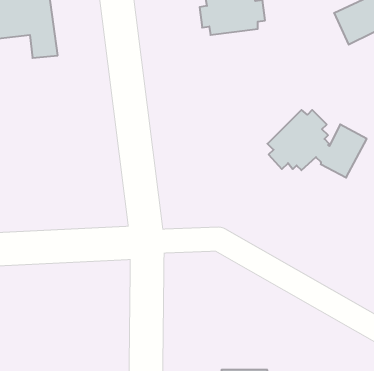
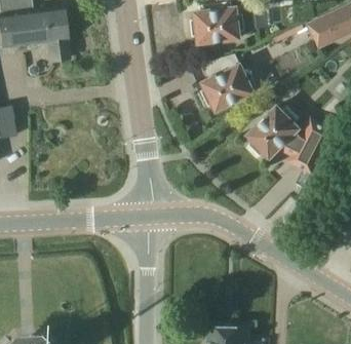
building: none -> [201,64,257,109]

